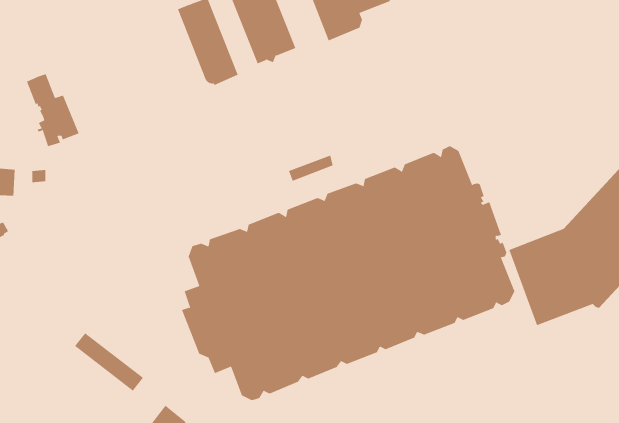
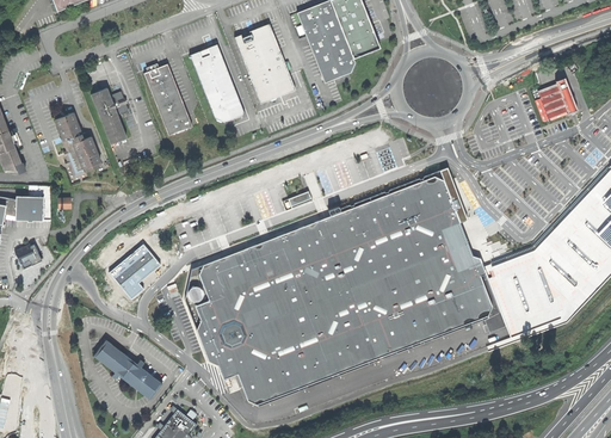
building: none -> [144,63,192,135]
building: none -> [538,76,578,117]
building: none -> [91,86,129,143]
building: none -> [110,243,161,298]

